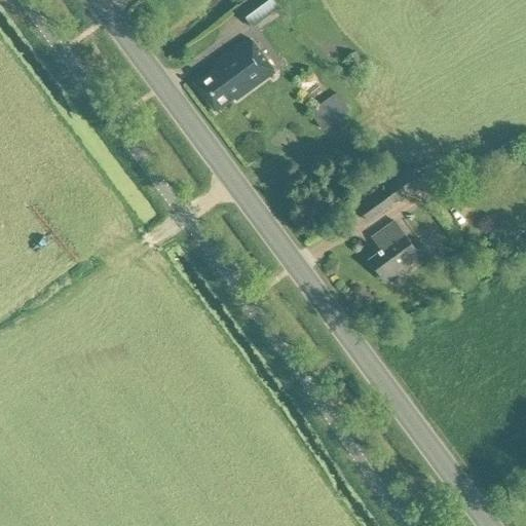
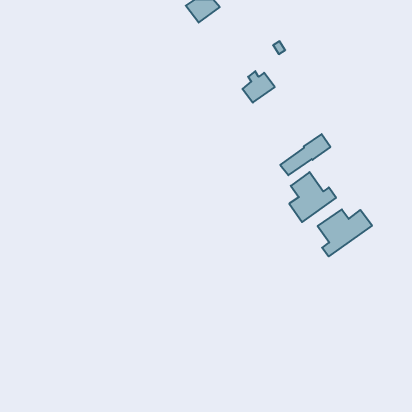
building: [195,39,275,111] -> none
building: none -> [318,209,372,256]

